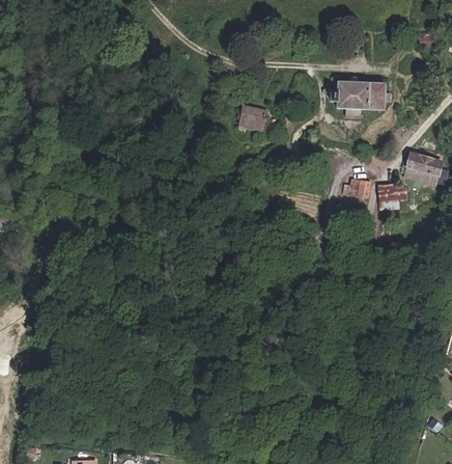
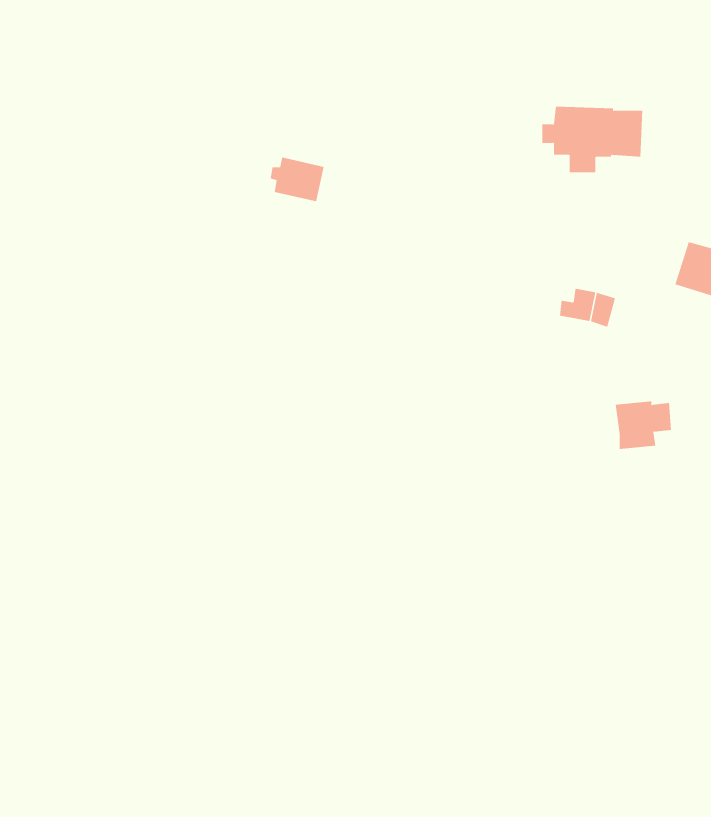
building: [238,105,267,129] -> [270,157,325,202]
building: [376,183,406,209] -> [615,401,672,450]

